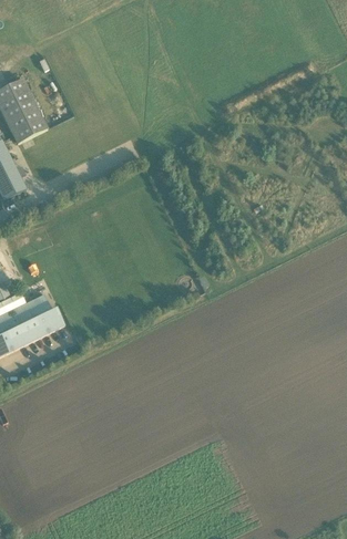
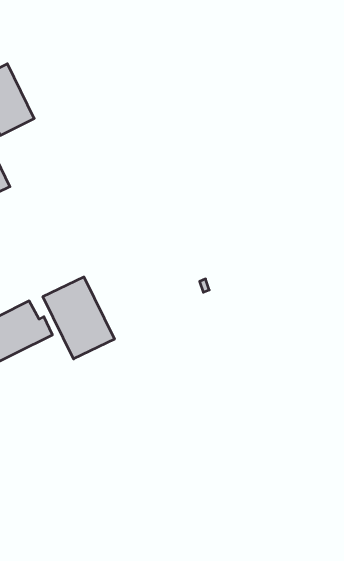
building: none -> [43,277,114,359]

